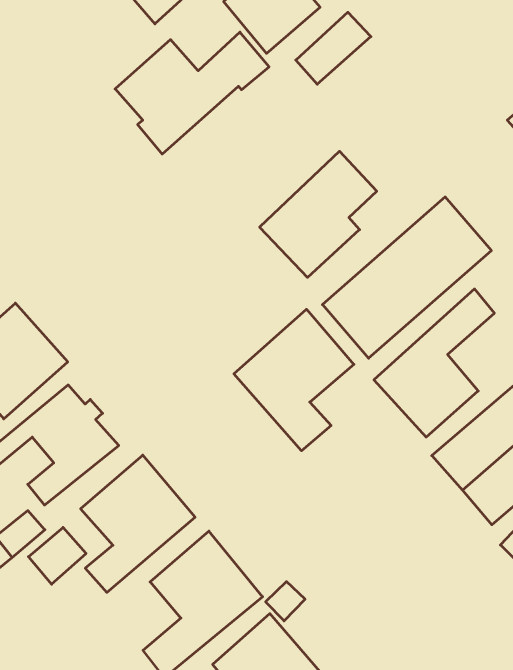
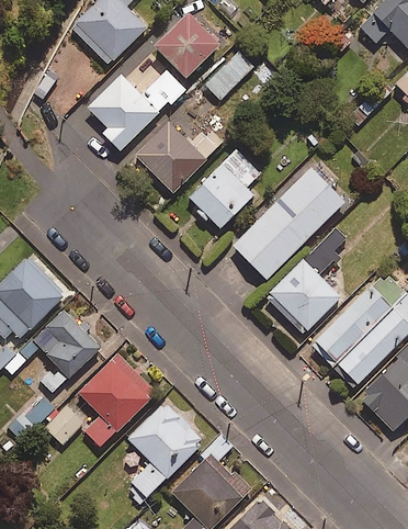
building: none -> [133,122,224,194]
building: [234,309,354,451] -> none

